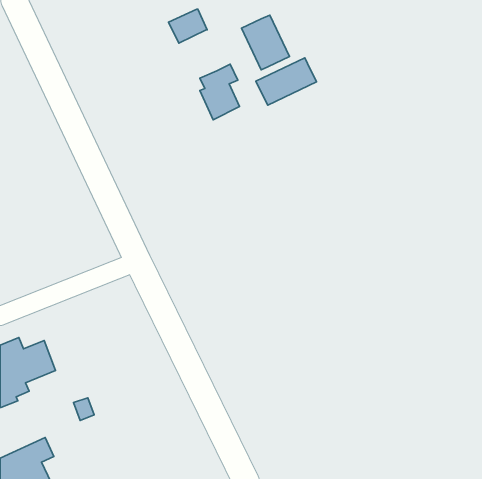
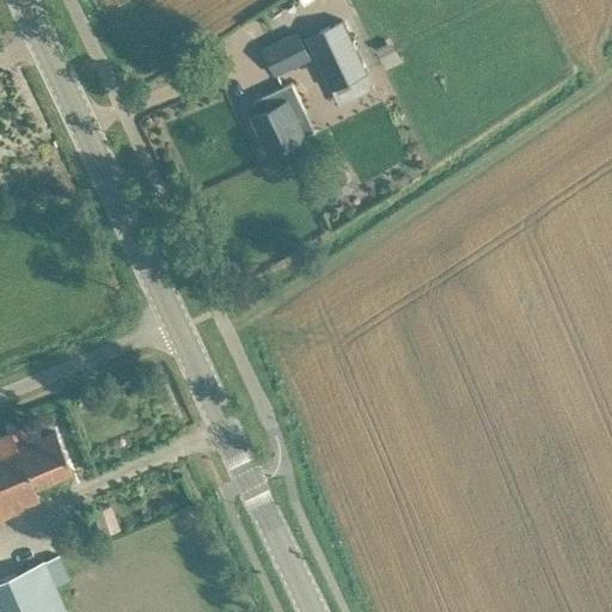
building: [168,9,207,43] -> [263,35,312,78]
building: [256,58,317,105] -> none

